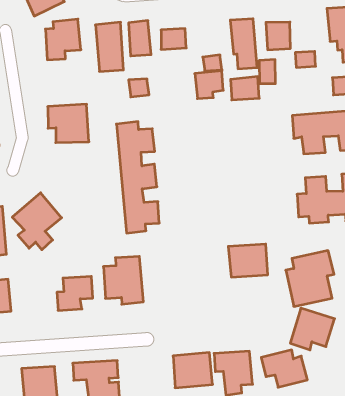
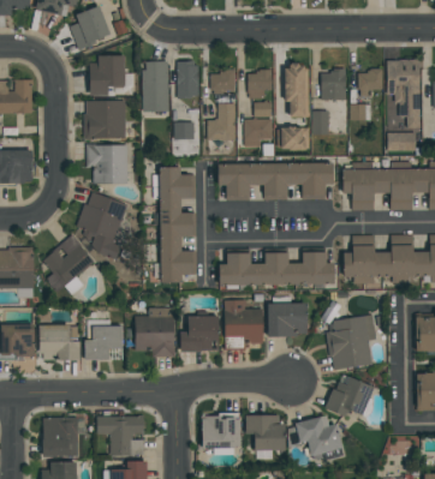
building: none -> [359,70,383,91]
building: none -> [248,70,274,97]
building: none -> [208,103,237,139]
building: none -> [85,100,126,138]
building: none -> [219,162,334,199]
building: none -> [79,191,127,256]
building: none -> [220,251,335,285]
building: none -> [225,299,264,348]
building: none -> [180,315,220,351]
building: none -> [40,324,81,360]

